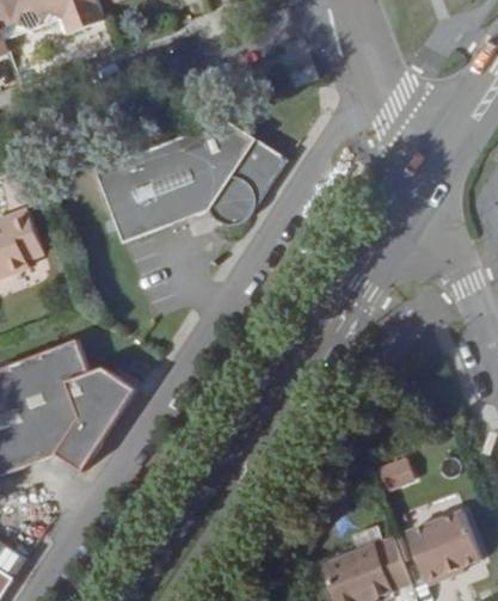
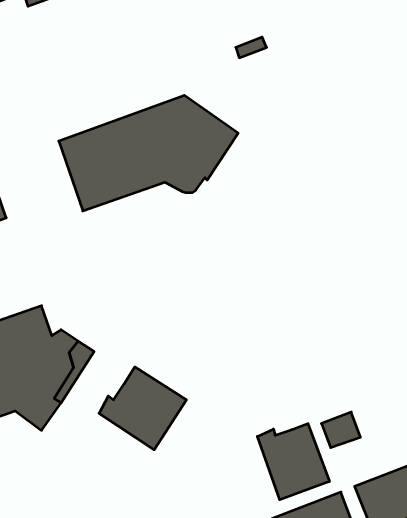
building: none -> [99,367,186,450]
building: none -> [257,424,329,500]

